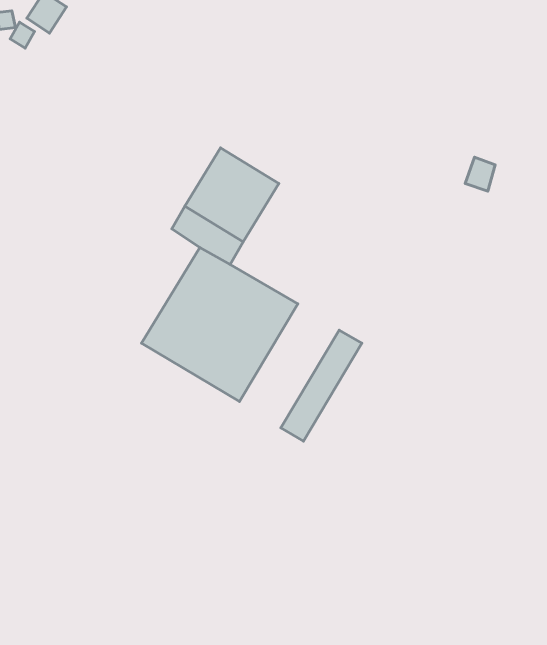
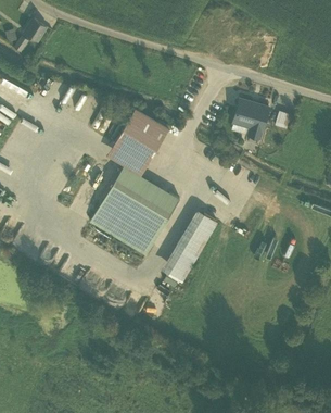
building: none -> [233,100,270,141]
building: none -> [161,209,203,280]

